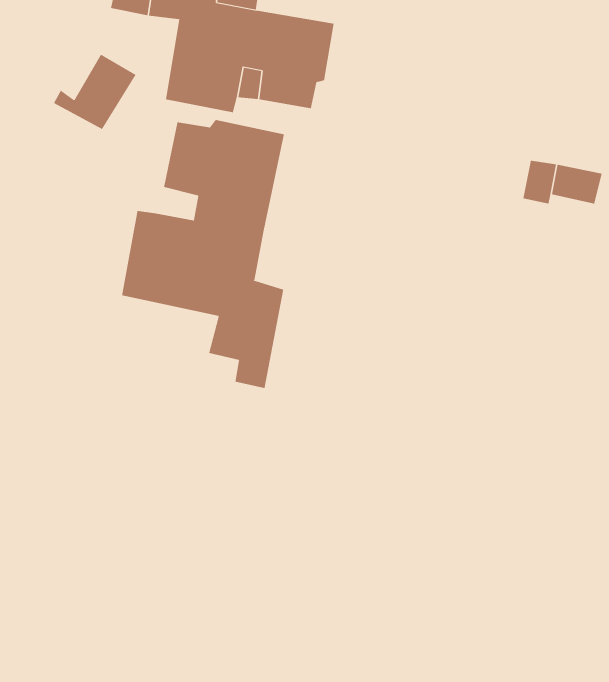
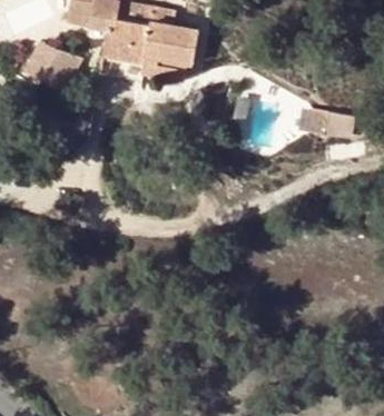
building: [121,119,285,389] -> none

